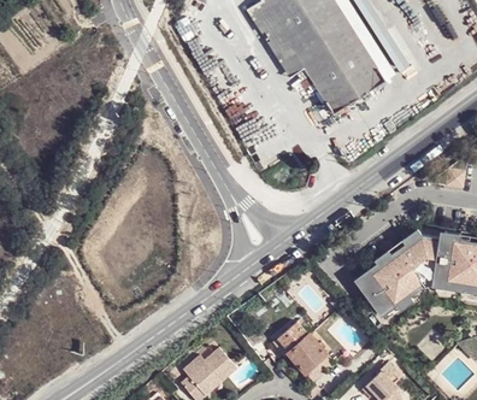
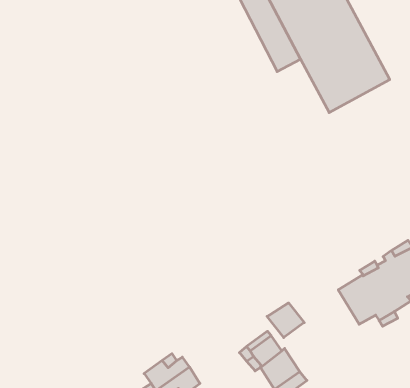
building: none -> [267,303,304,338]

